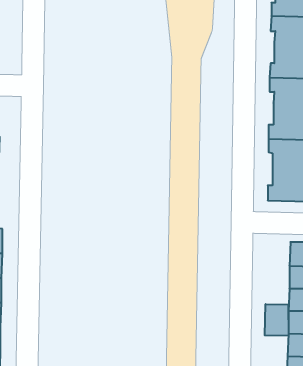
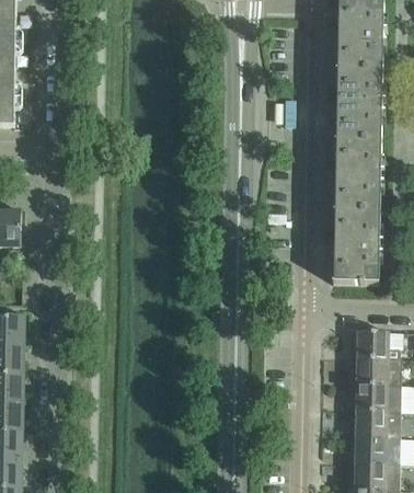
building: [265,304,288,336] -> none

